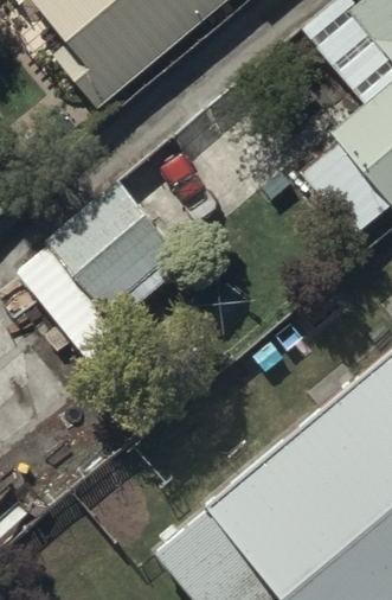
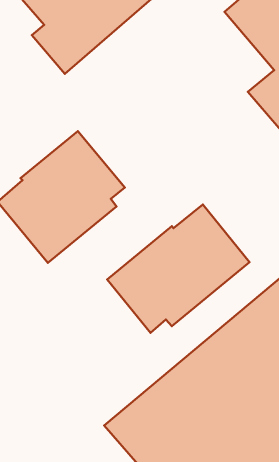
building: none -> [107,205,249,333]

